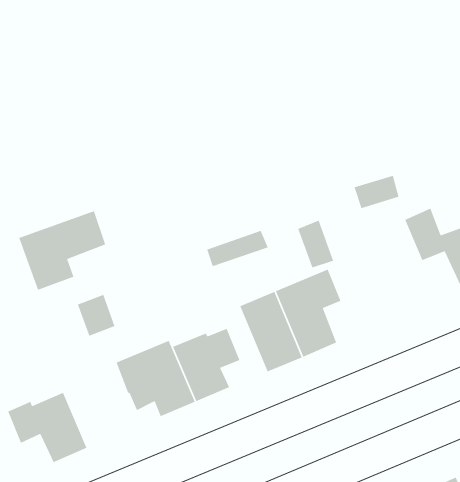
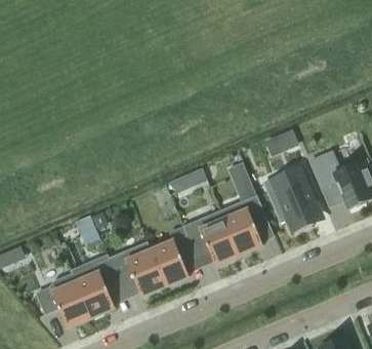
building: [18,210,106,291] -> none
building: none -> [268,166,317,232]
building: none -> [71,255,118,317]

